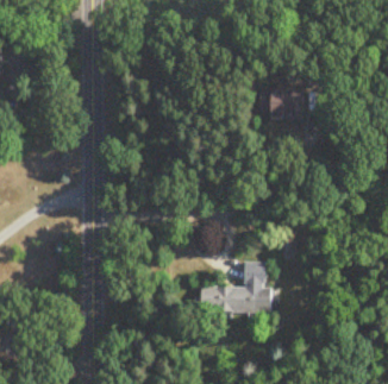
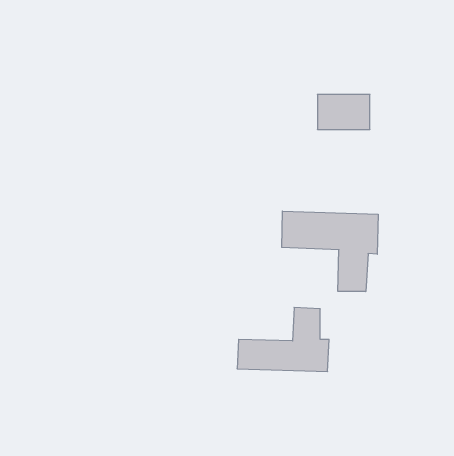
building: none -> [282,211,378,292]

